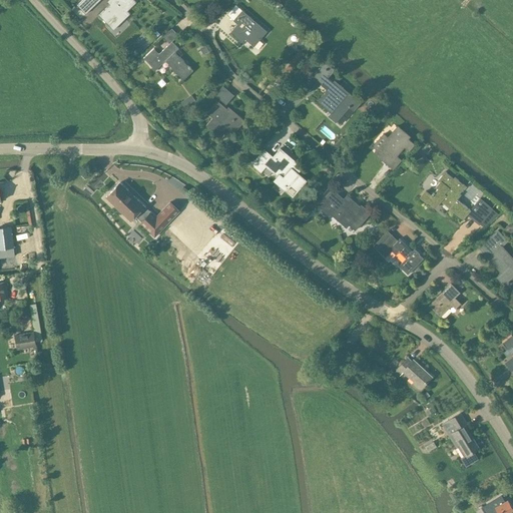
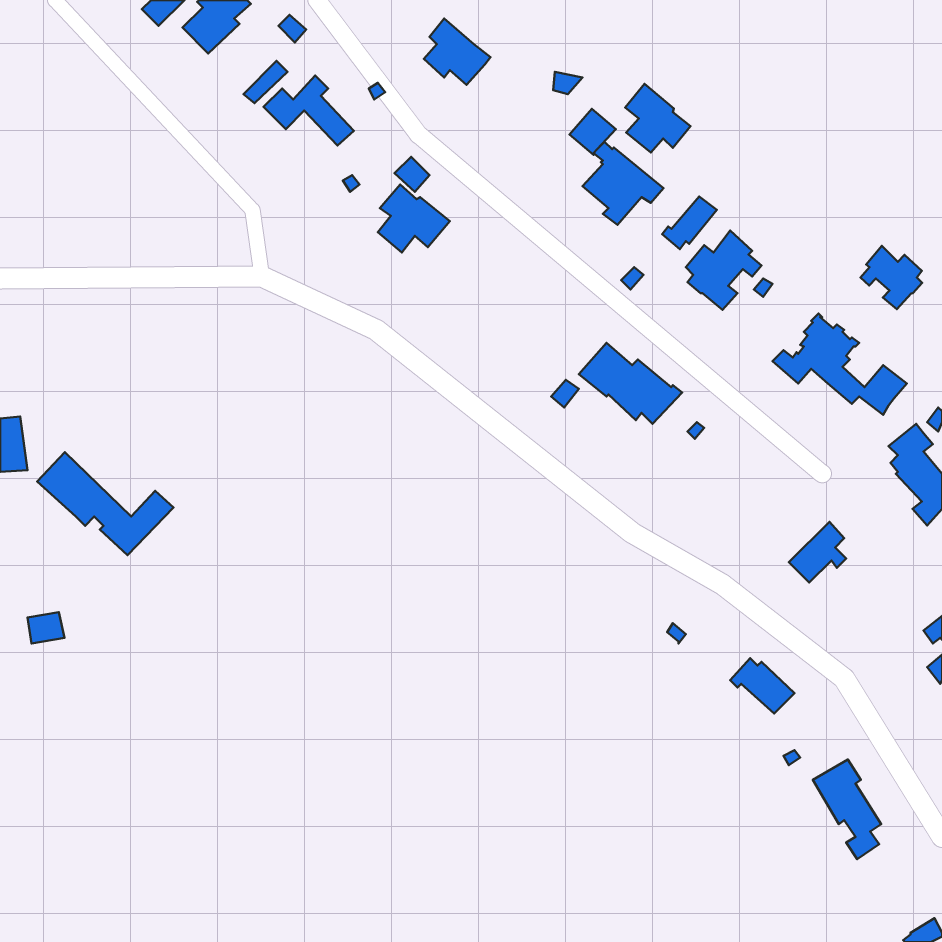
building: none -> [625,84,691,153]
building: none -> [662,196,717,249]
building: none -> [860,246,922,309]
building: [255,150,303,190] -> none
building: [105,181,179,237] -> [37,452,174,555]
building: [378,234,424,275] -> none

